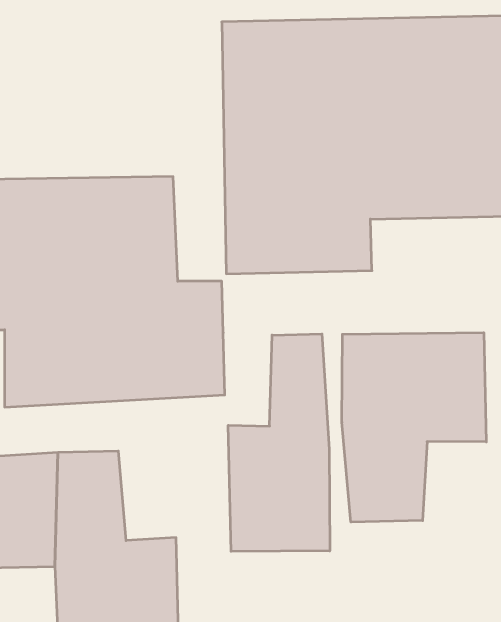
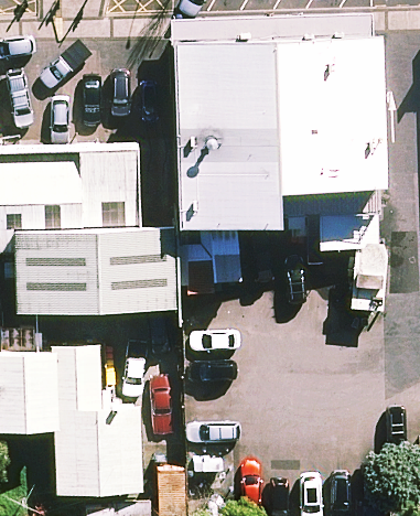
building: [342,333,486,522] -> none
building: [228,334,330,551] -> none

